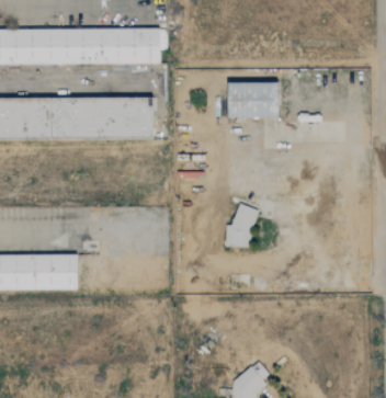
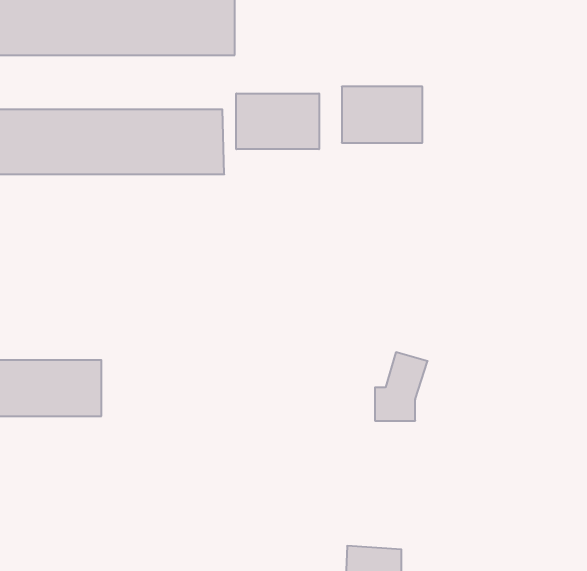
building: none -> [236,93,319,149]
building: [224,205,257,248] -> [375,352,428,421]

